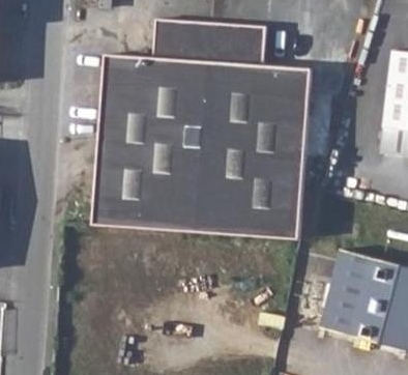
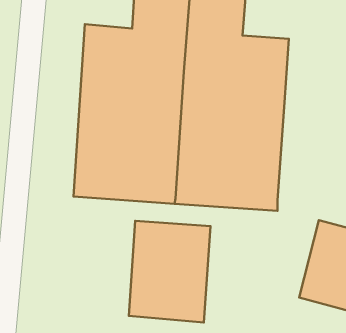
building: none -> [129,221,211,322]

